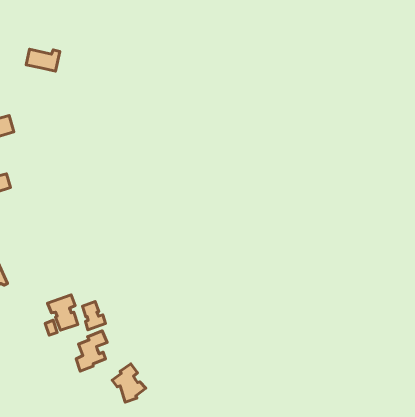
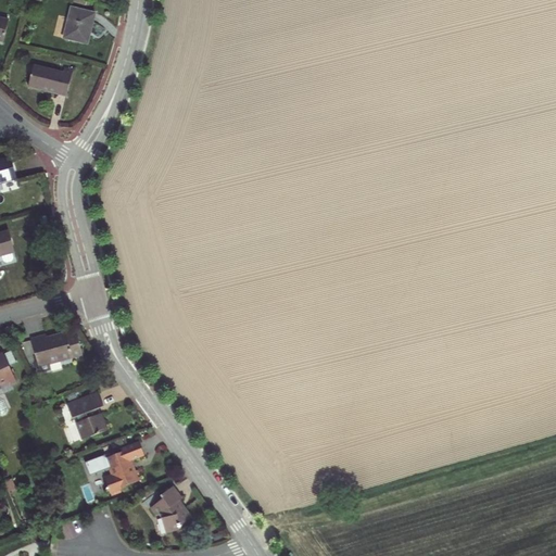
building: none -> [59,9,100,43]
building: none -> [23,324,78,371]
building: [83,302,106,330] -> none

